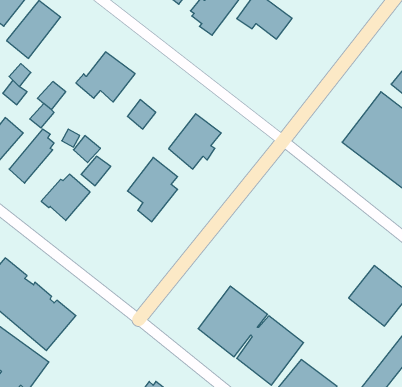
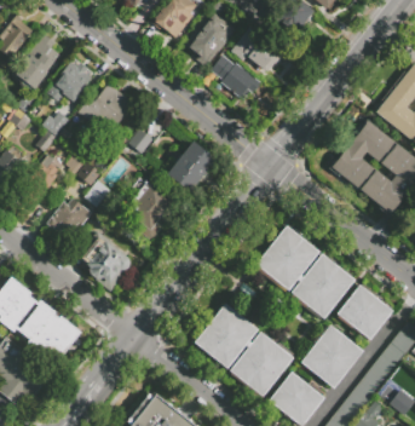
building: none -> [211,56,261,100]
building: none -> [46,58,93,102]
building: none -> [254,225,355,318]
building: none -> [80,237,129,292]
building: none -> [300,324,362,387]

